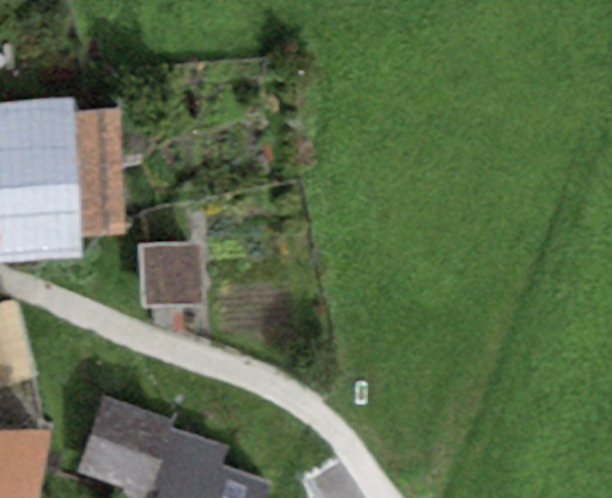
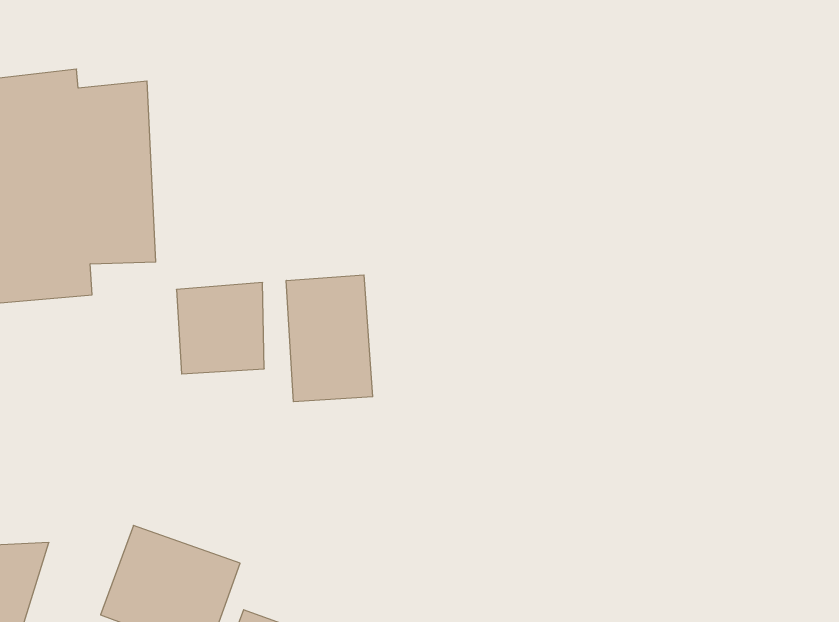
building: none -> [286,275,373,402]

